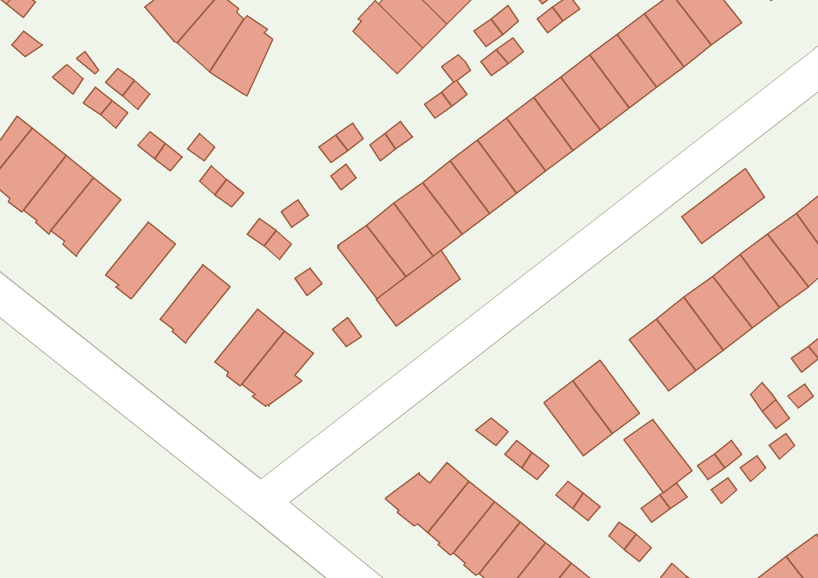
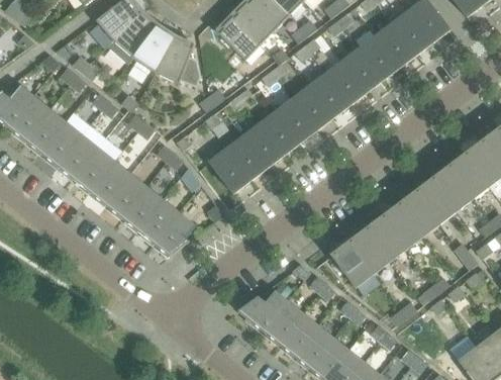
building: none -> [157,35,200,83]
building: [682,169,765,244] -> none
building: none -> [57,133,98,179]
building: none -> [89,160,130,205]
building: [376,250,460,326] -> none
building: none -> [121,185,163,231]
building: [624,419,692,493] -> [366,216,406,260]

